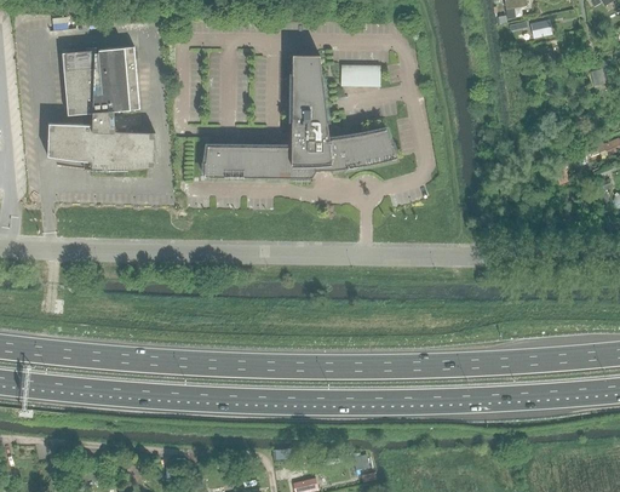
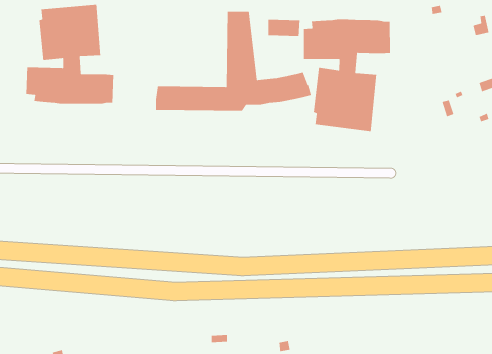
building: none -> [303,18,391,132]

